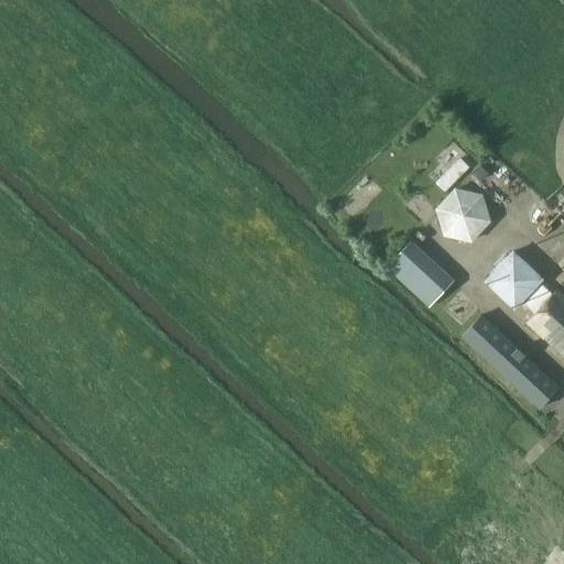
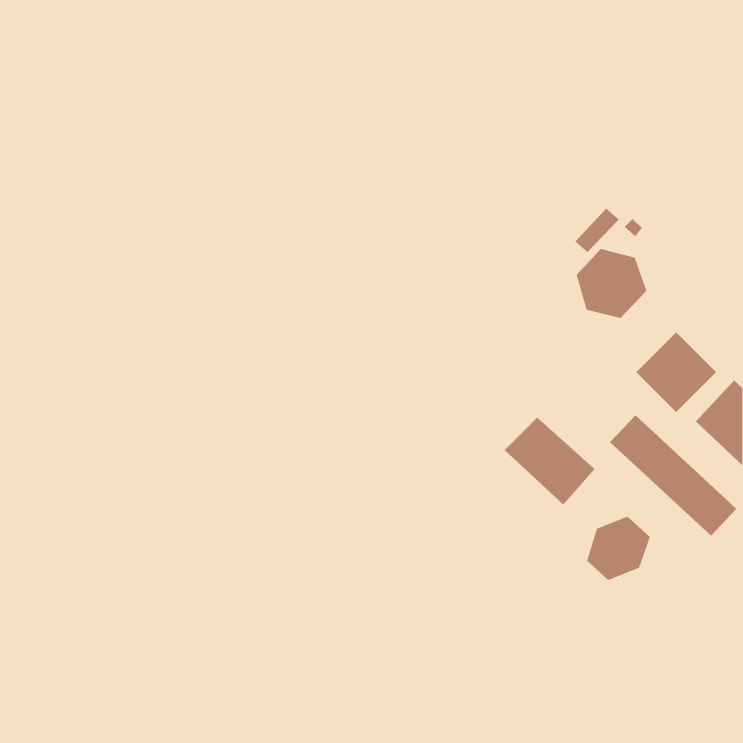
building: [387,242,456,310] -> [504,417,595,506]
building: none -> [587,516,650,581]

